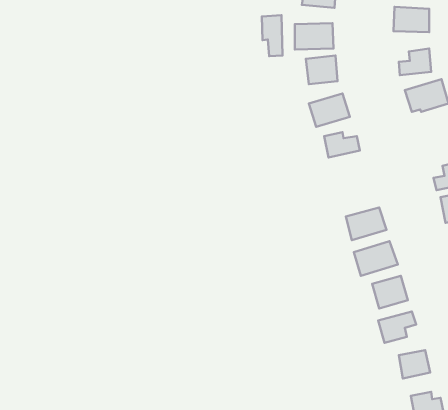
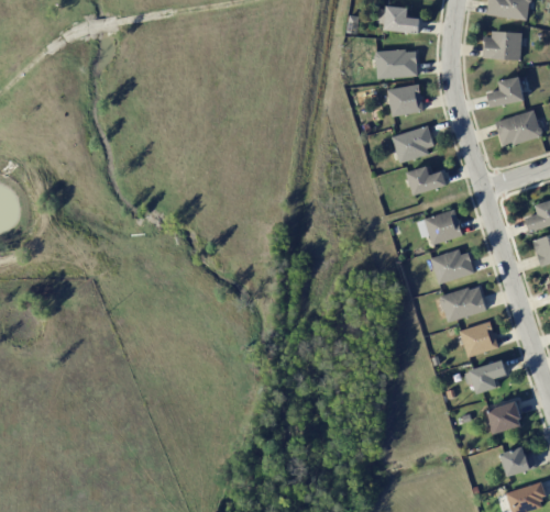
building: [262,15,282,56] -> none
building: none -> [417,211,462,243]

